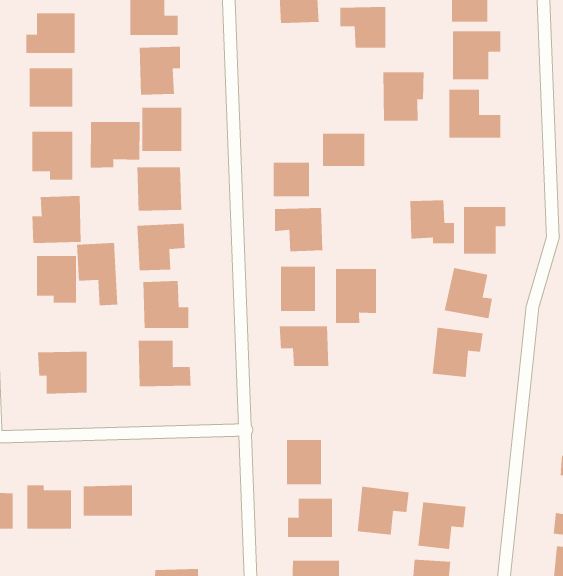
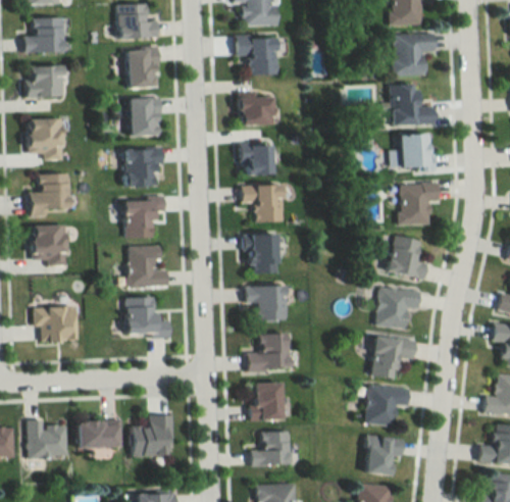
building: [339,6,386,48] -> [236,38,275,73]
building: [383,71,424,121] -> none
building: [90,121,140,169] -> none
building: [322,133,365,166] -> [236,96,272,124]
building: [409,200,455,244] -> [397,134,436,171]
building: [77,242,118,306] -> none
building: [336,268,377,324] -> none
building: none -> [246,333,287,370]
building: none -> [369,336,415,379]
building: none -> [131,414,173,455]
building: [357,486,409,535] -> [364,384,409,425]

